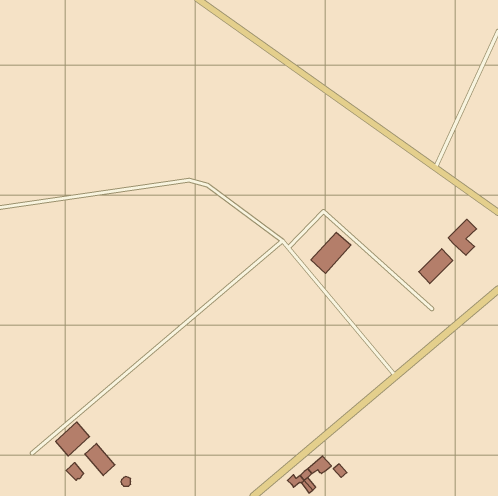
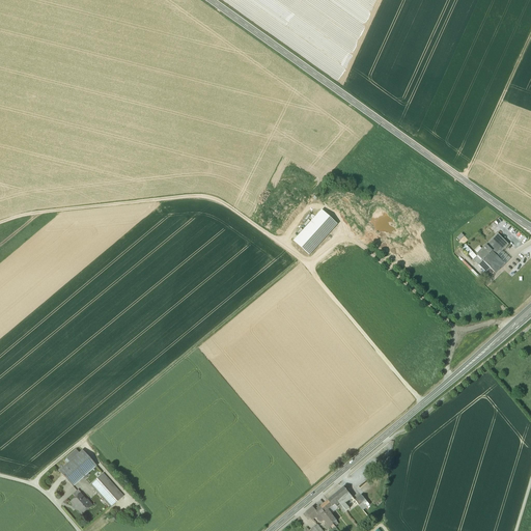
building: [311,232,351,273] -> [297,208,339,252]
building: [419,249,453,284] -> none

